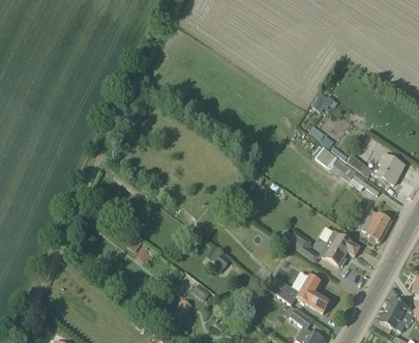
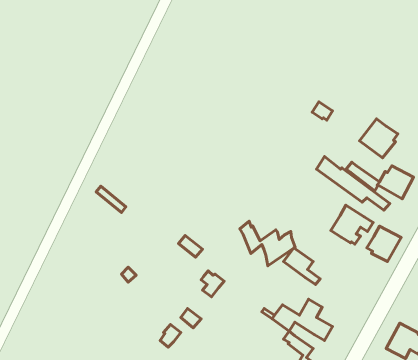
building: none -> [359,119,398,158]
building: none -> [240,221,295,266]
building: [320,230,358,265] -> [331,205,373,244]

